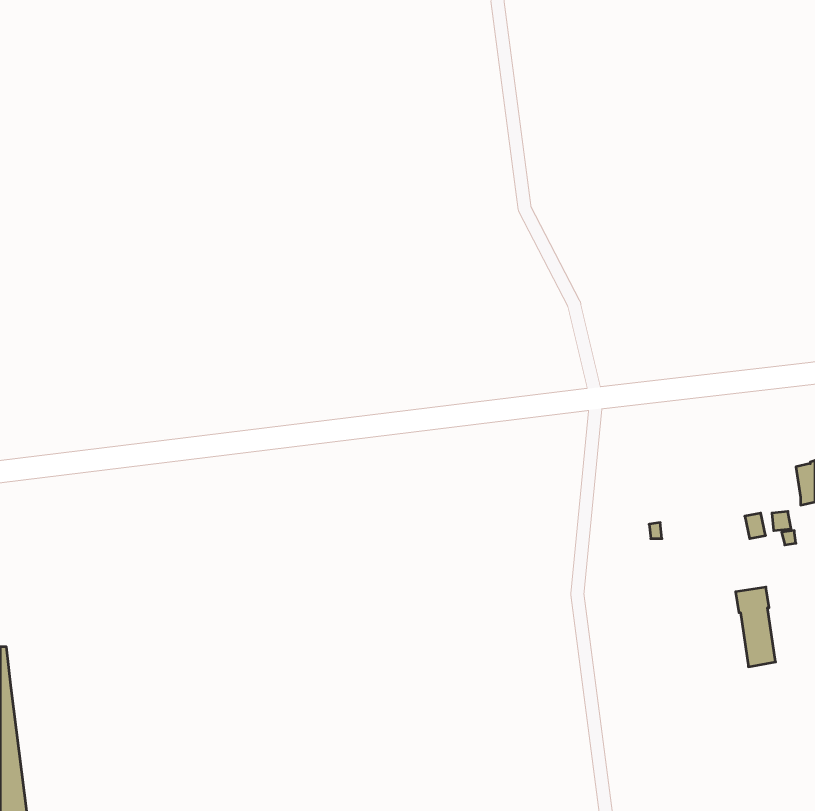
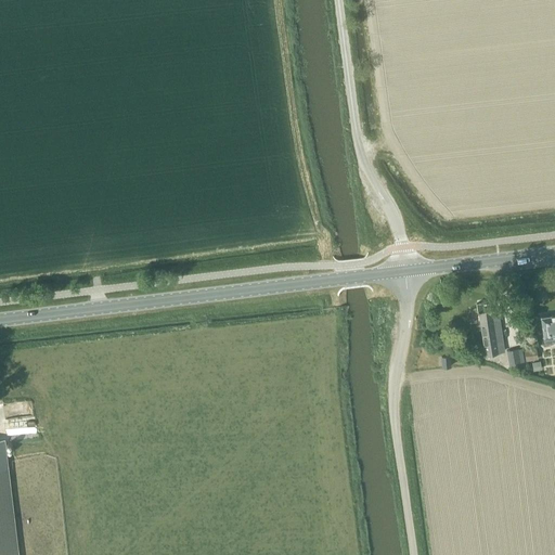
building: [736,587,776,667] -> [476,302,503,357]

